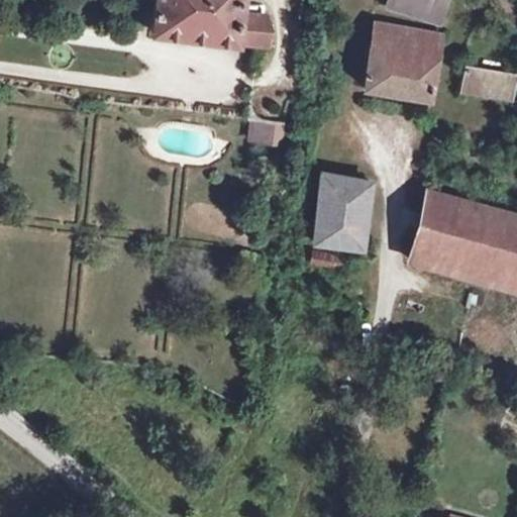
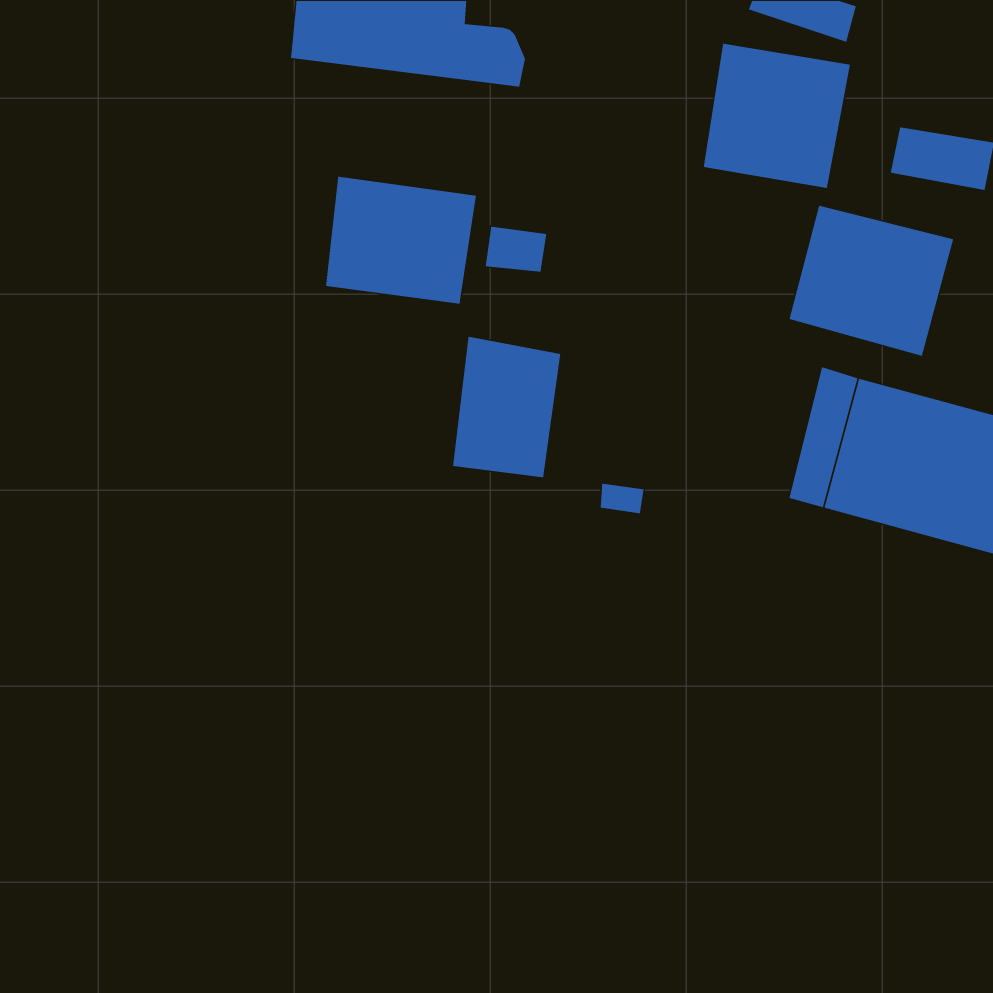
building: none -> [325,176,477,305]
building: none -> [788,205,954,357]
building: [314,173,371,246] -> [452,336,561,478]

